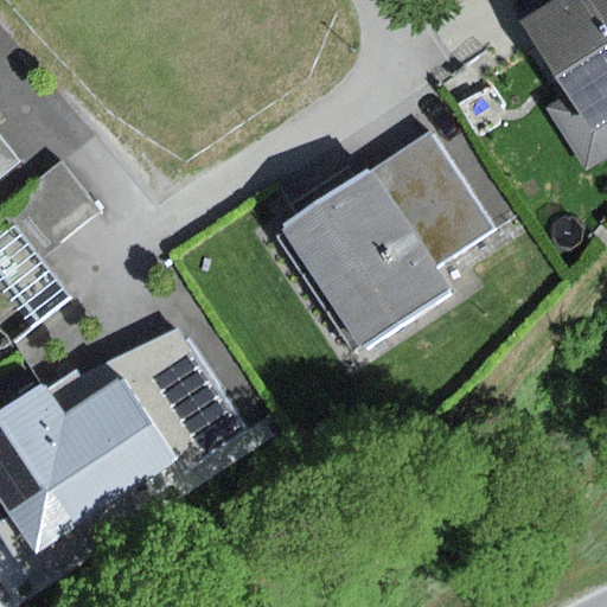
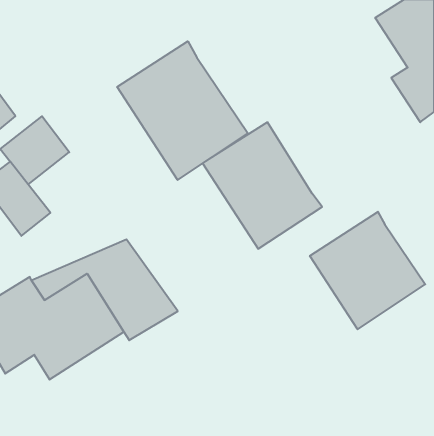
building: none -> [117,41,248,180]
building: [371,130,494,268] -> none
building: none -> [310,212,425,329]

